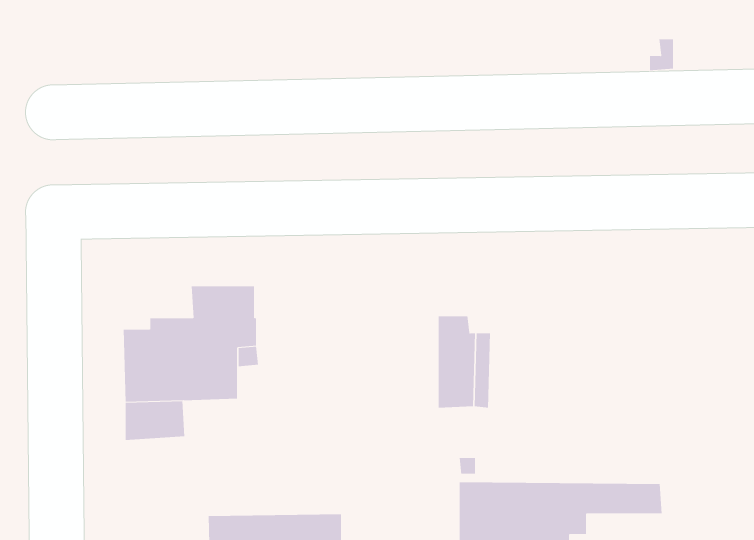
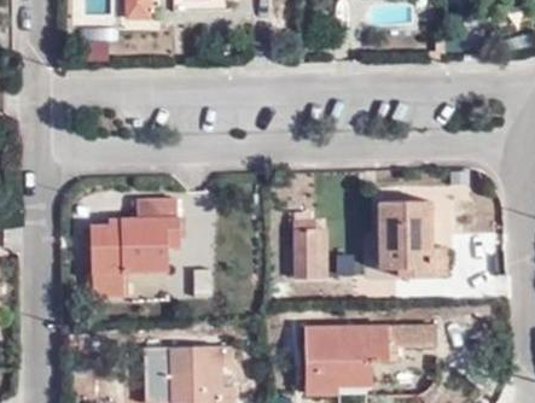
building: none -> [377,202,447,276]

